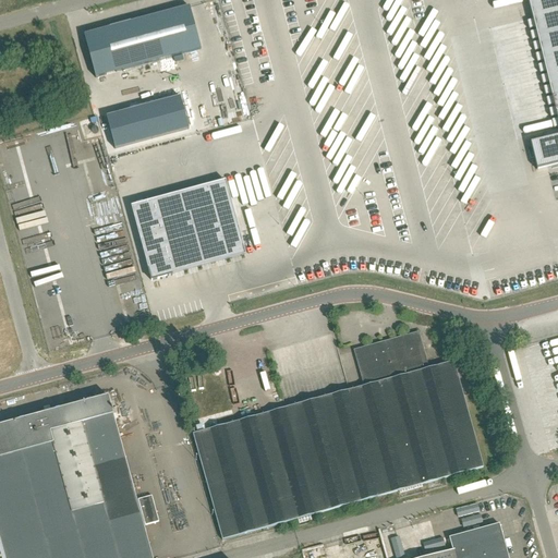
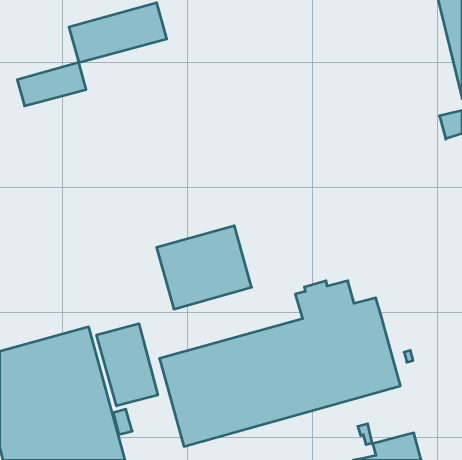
building: [105,94,187,146] -> [17,62,86,106]
building: [130,178,244,278] -> [157,226,252,309]
building: none -> [97,324,158,406]

